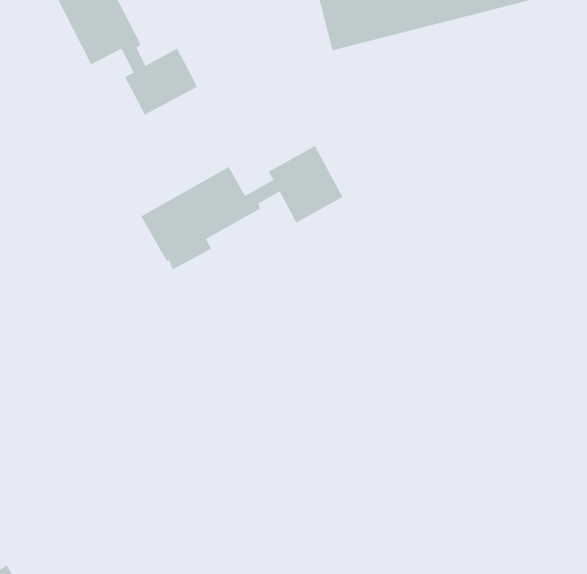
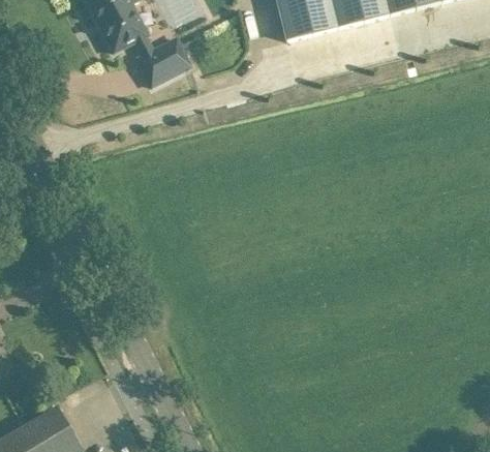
building: [141,145,343,270] -> none

